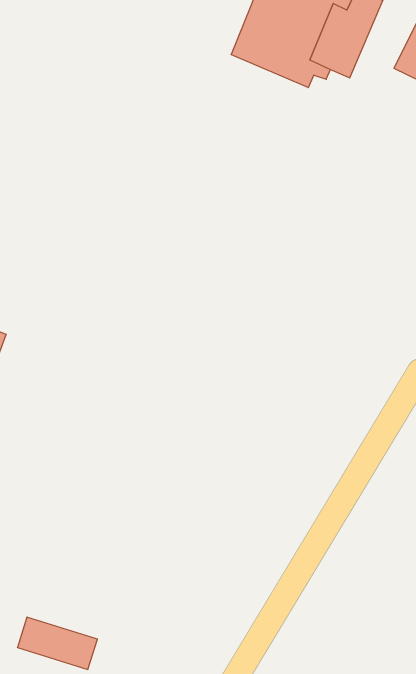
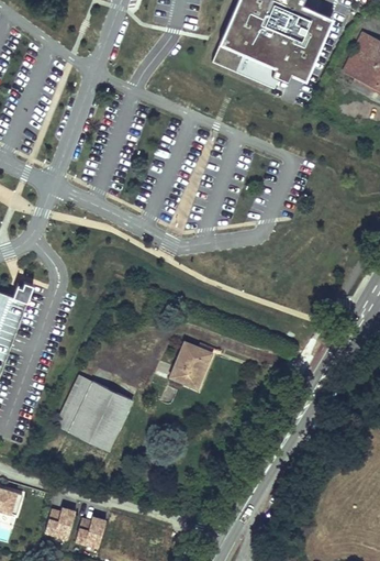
building: none -> [169,340,210,387]
building: none -> [57,377,133,452]

